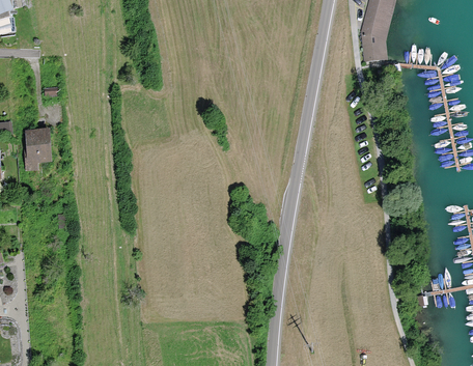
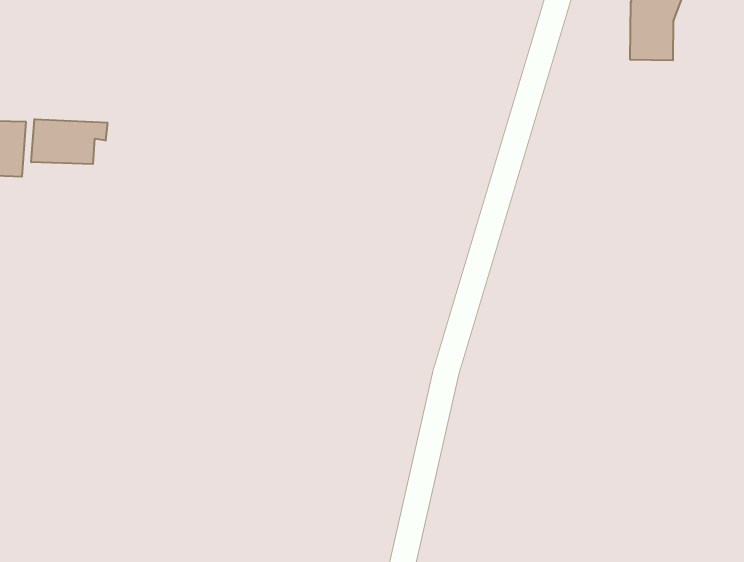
building: none -> [31,119,107,164]

